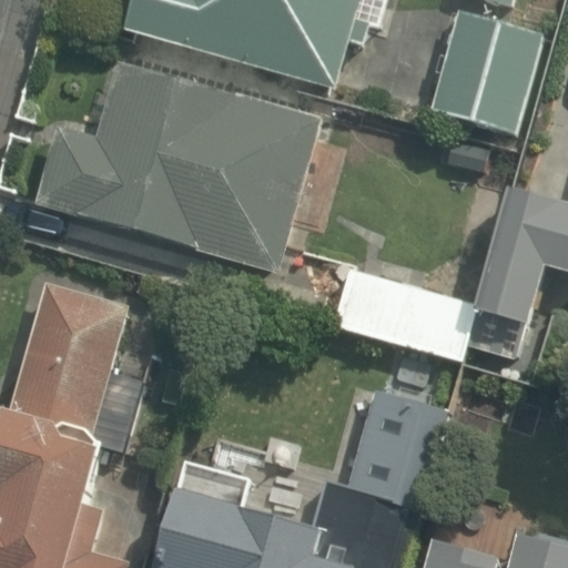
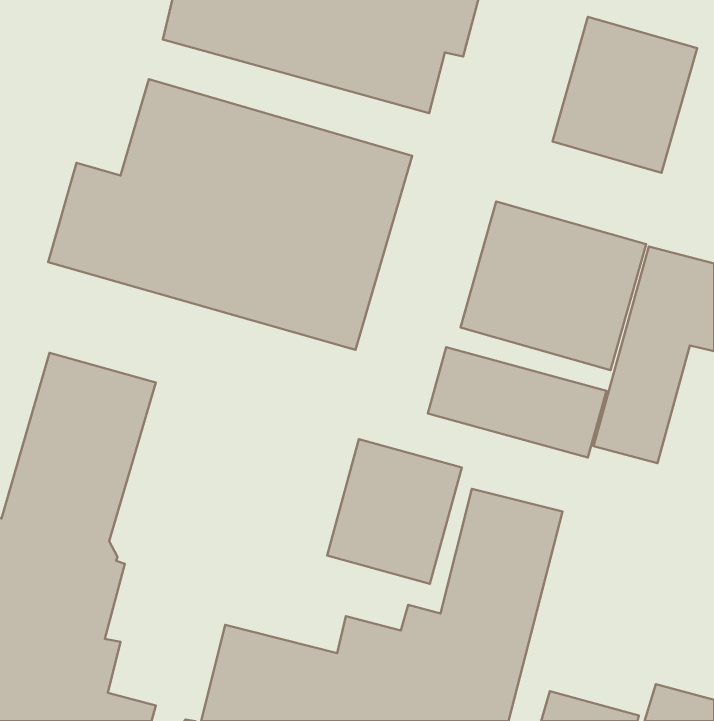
building: none -> [460,202,646,370]
building: none -> [327,439,462,584]

